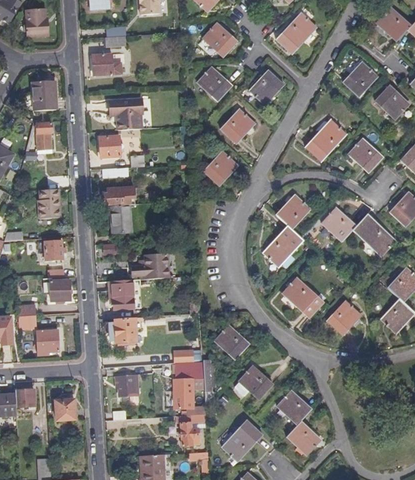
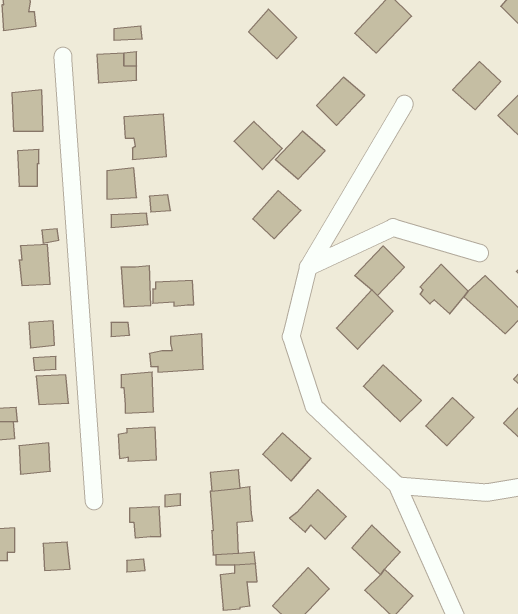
building: [195,69,229,103] -> [234,121,282,170]
building: [306,117,347,160] -> none
building: [349,137,383,170] -> none
building: [105,188,134,206] -> [153,281,194,306]

